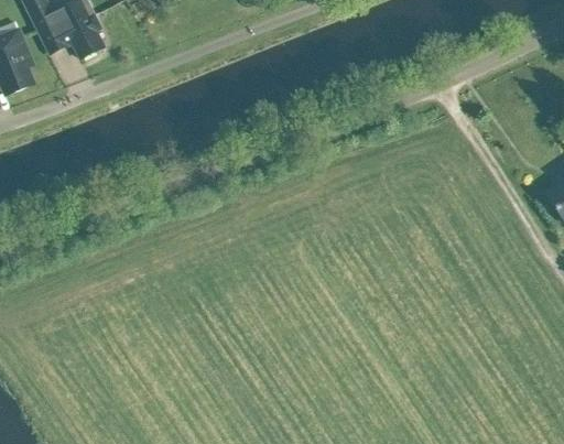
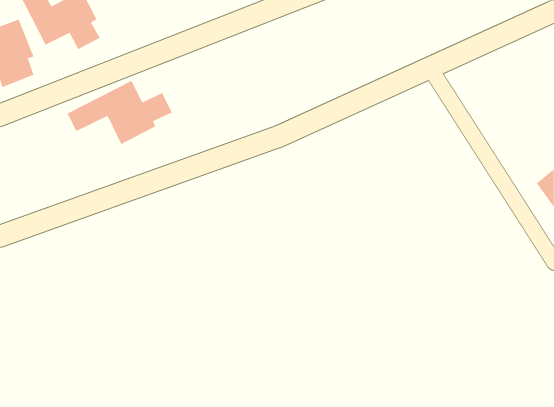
building: none -> [67,80,173,145]

